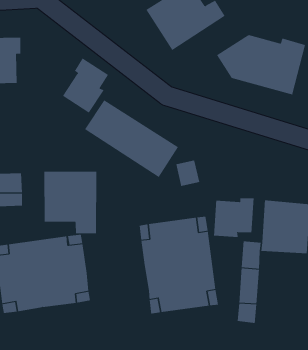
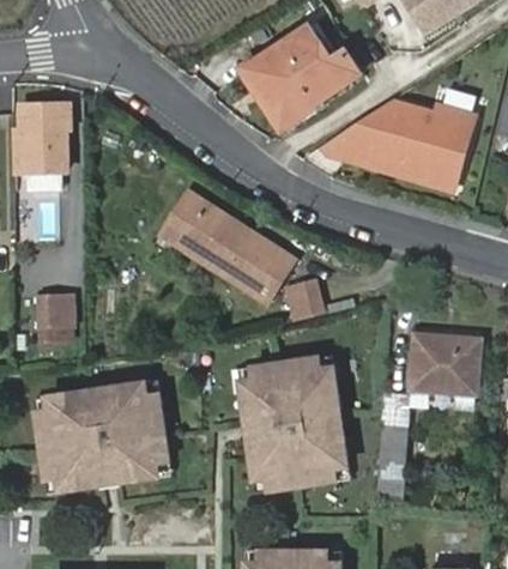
building: [62,58,109,114] -> none
building: [44,171,97,234] -> none
building: [213,197,254,238] -> none

